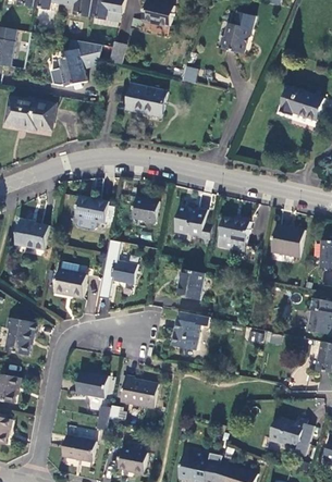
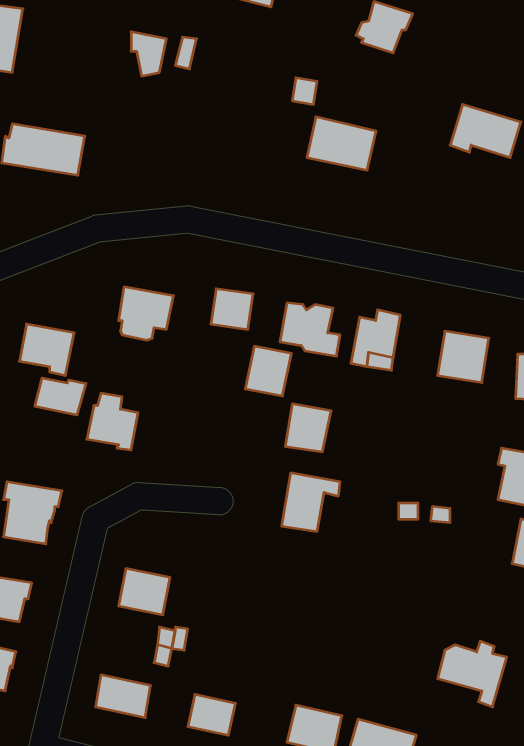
building: [60,39,93,88] -> none
building: [125,82,168,114] -> [307,117,376,170]
building: none -> [35,378,86,415]
building: [110,255,138,285] -> [245,346,291,396]
building: [120,376,157,407] -> none

